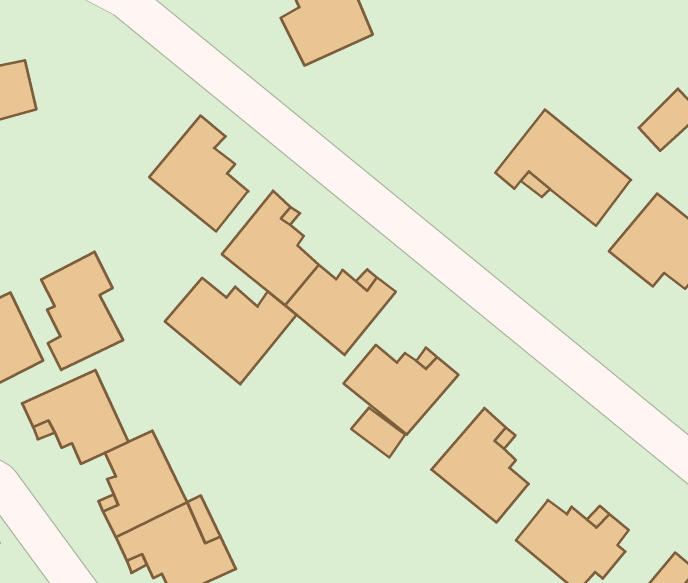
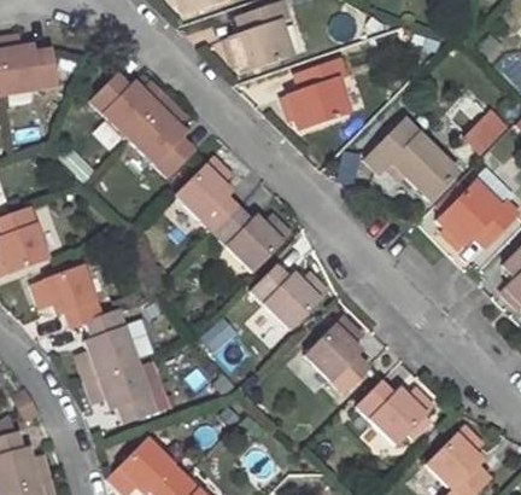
building: none -> [289,57,350,129]
building: none -> [94,76,169,138]
building: [41,252,123,370] -> none
building: [165,278,297,384] -> none

